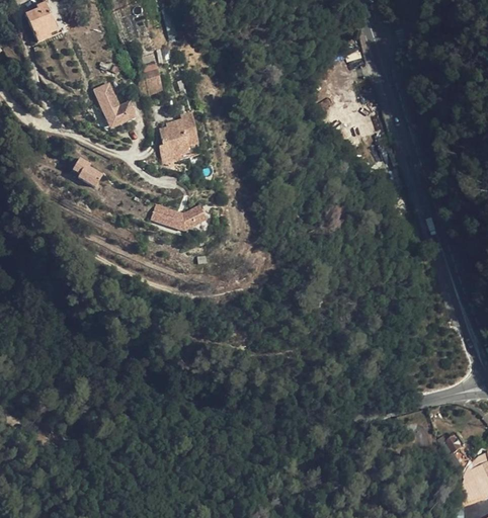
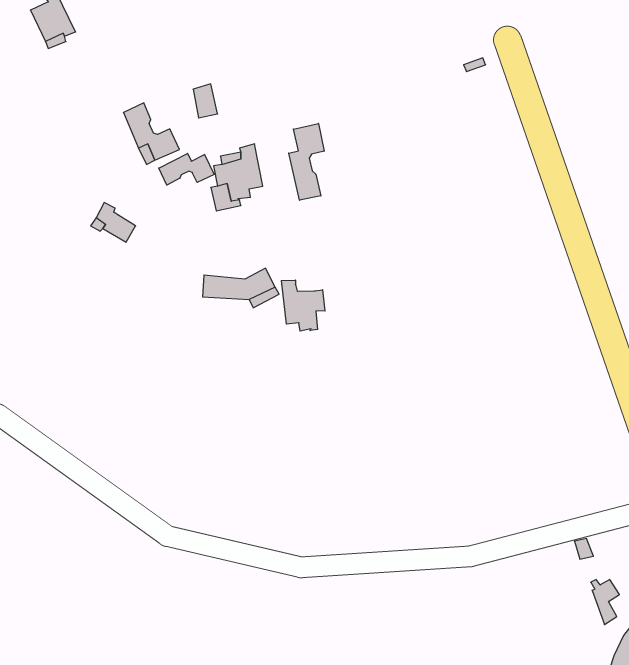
building: none -> [289,123,324,200]
building: none -> [159,153,214,185]
building: none -> [281,280,325,331]

